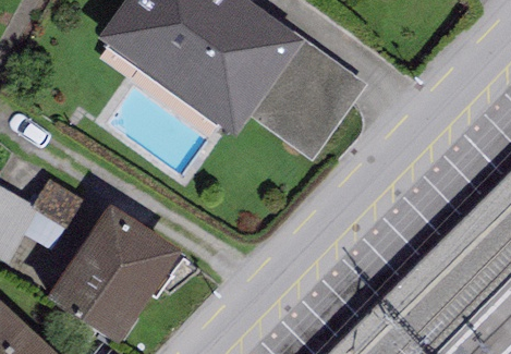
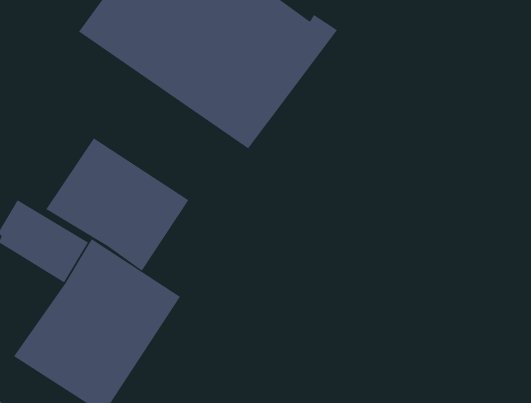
building: [251,38,364,157] -> none
building: none -> [46,137,189,271]

